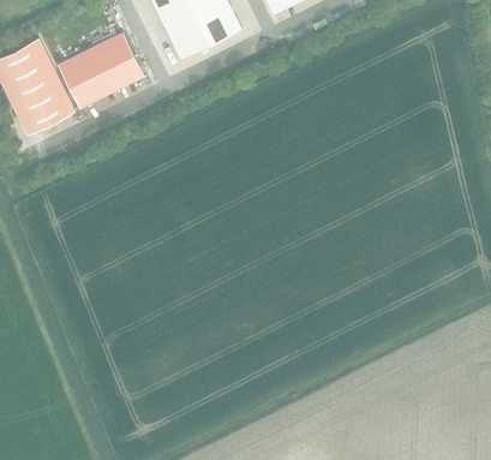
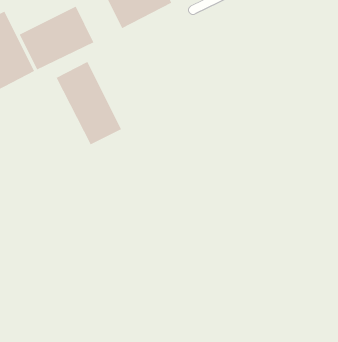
building: none -> [56,61,122,145]

